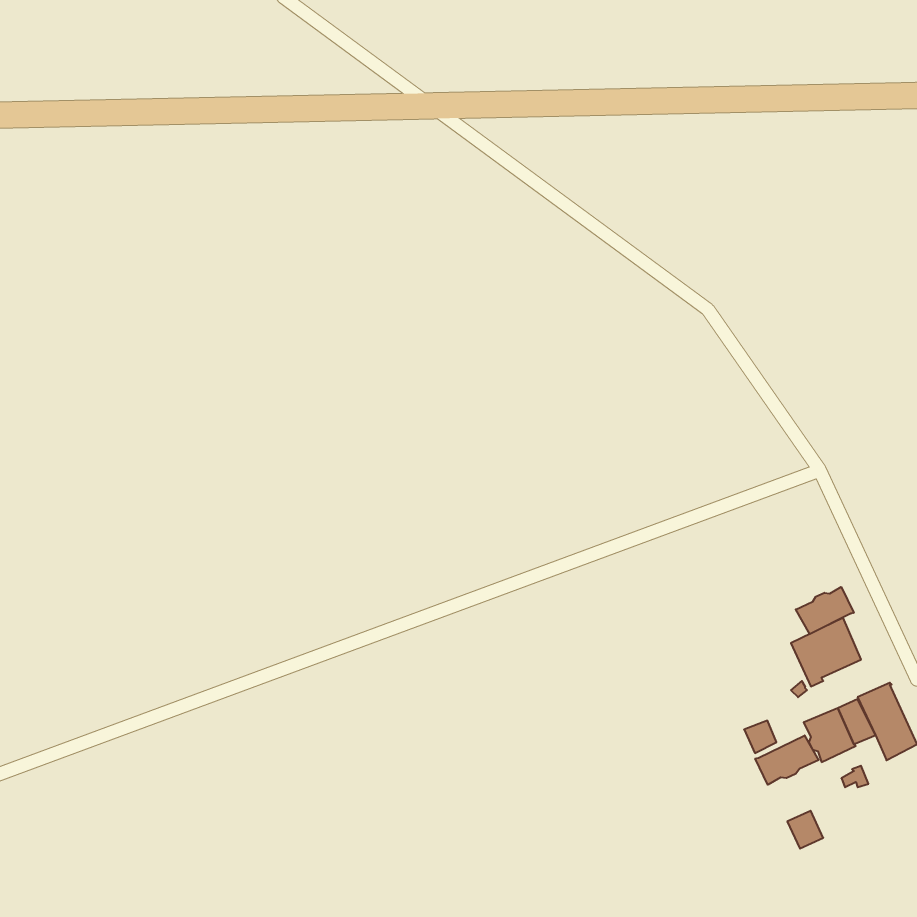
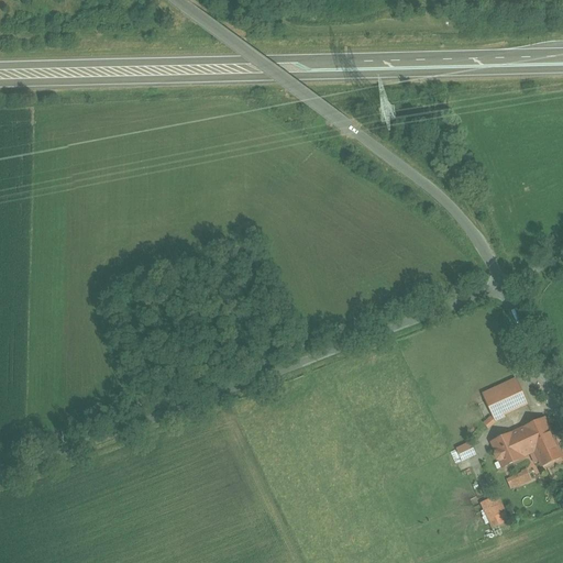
building: [796,587,854,634] -> none
building: [755,735,819,785] -> none

